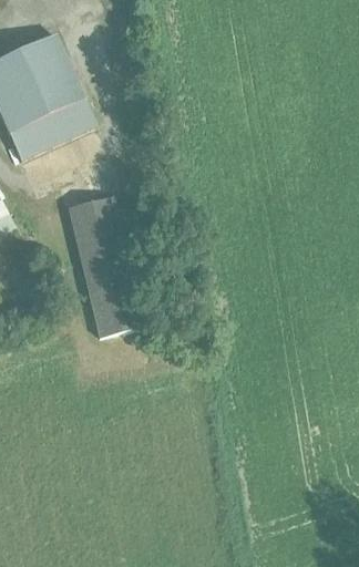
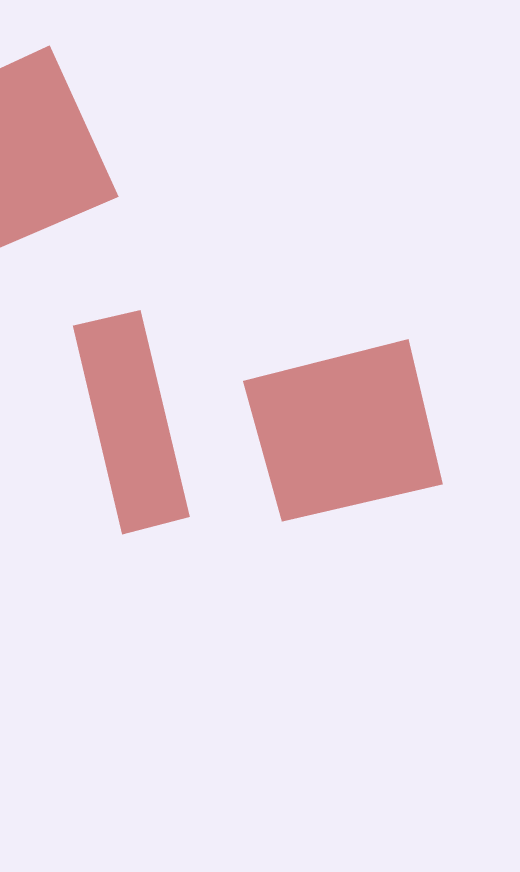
building: none -> [242,338,444,523]

